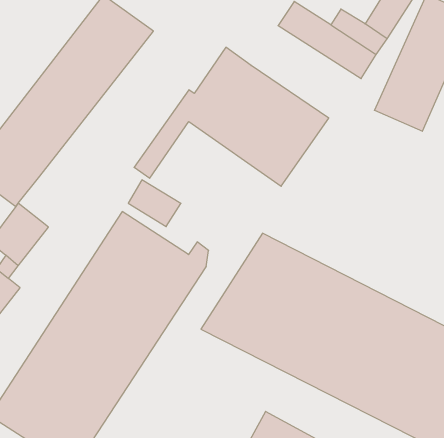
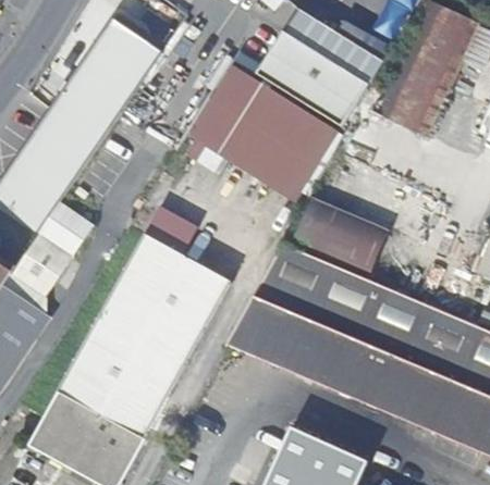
building: none -> [260,39,370,129]
building: none -> [39,204,90,254]
building: none -> [294,192,391,270]

